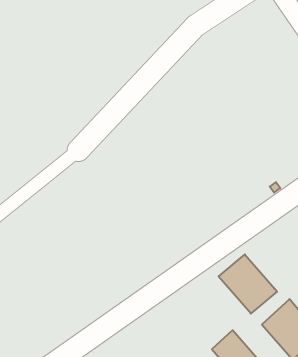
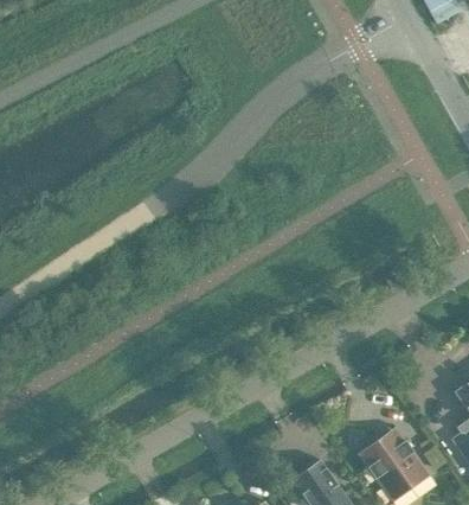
building: [219,254,277,314] -> none

